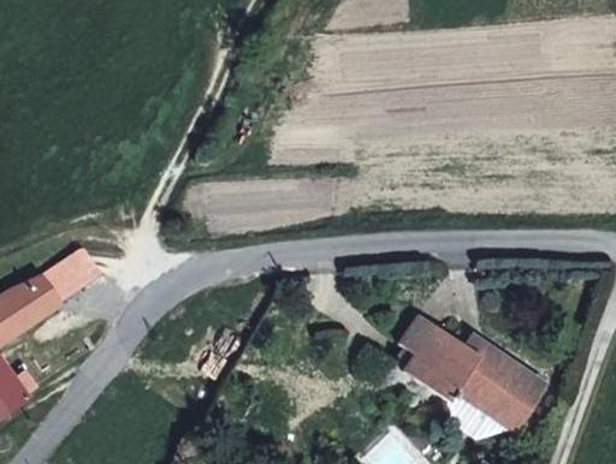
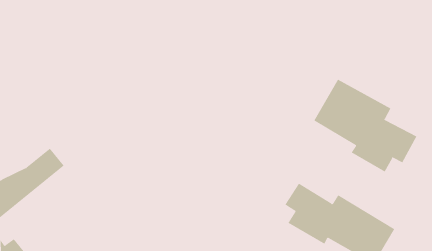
building: none -> [314,79,417,172]

